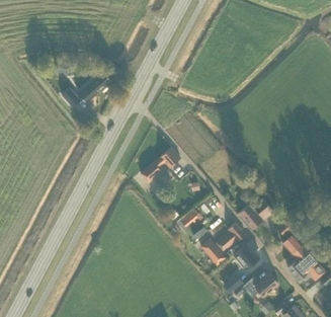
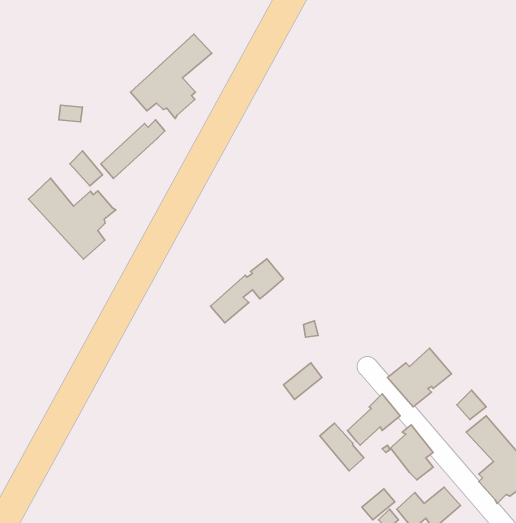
building: none -> [130,34,212,118]
building: none -> [28,178,116,259]

